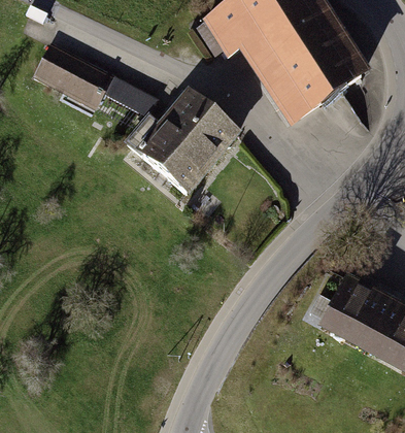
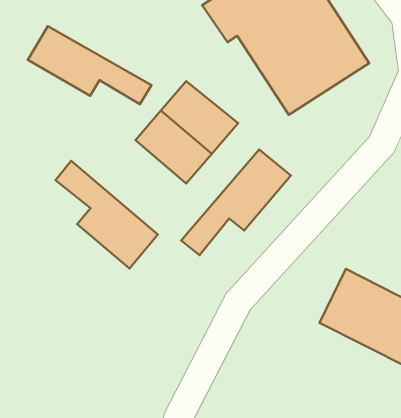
building: none -> [181,149,291,255]
building: none -> [55,161,158,268]

